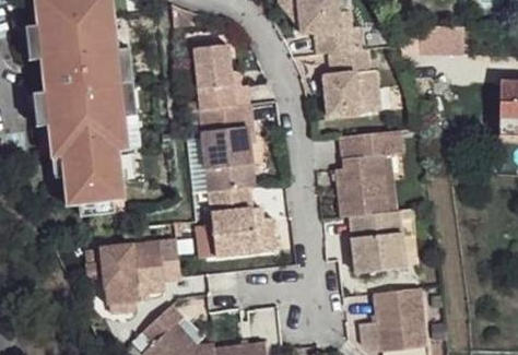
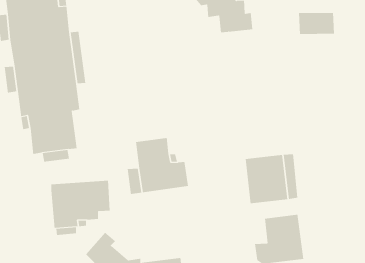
building: [191,44,246,109] -> none
building: [322,48,378,115] -> none
building: [201,128,254,190] -> none
building: [333,130,399,215] -> none

